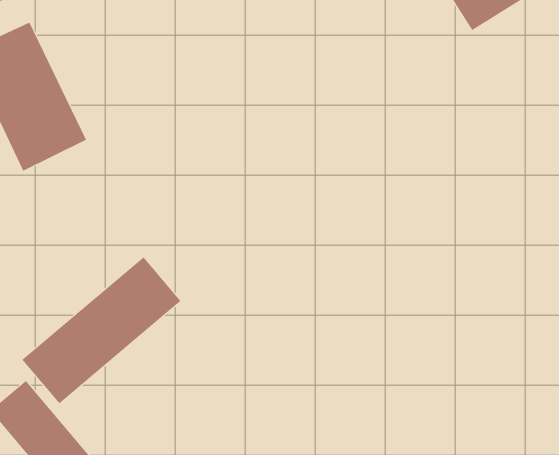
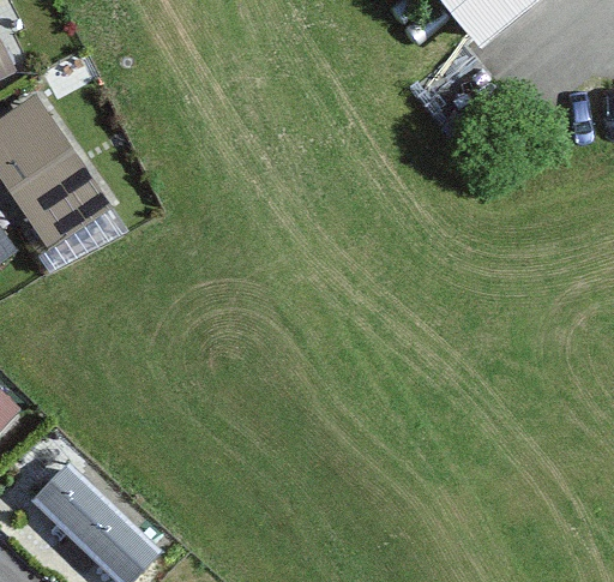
building: [22,257,181,404] -> none

